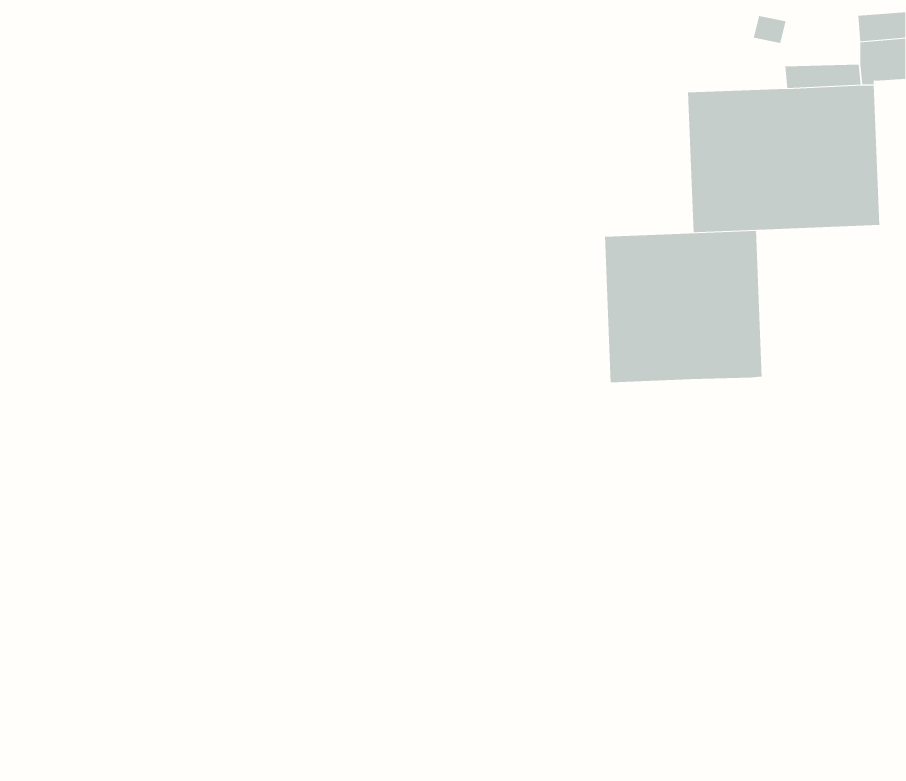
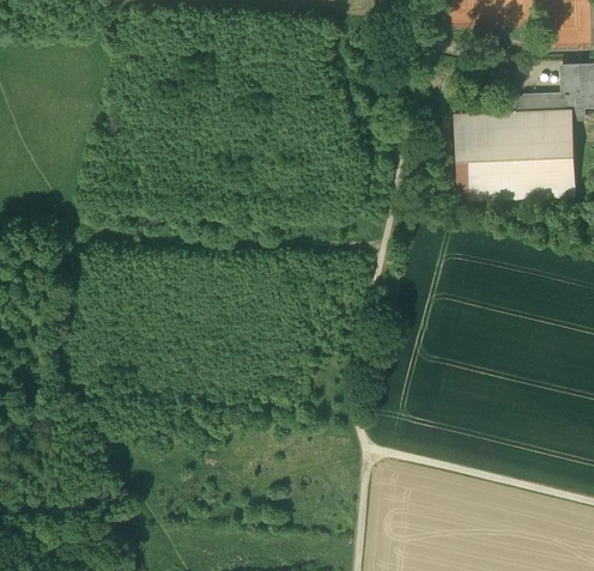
building: [604,230,762,383] -> none

